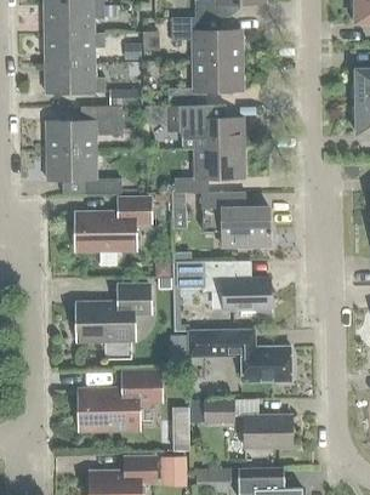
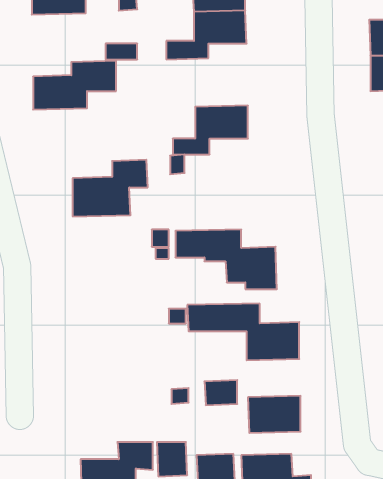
building: [45,62,106,92] -> none
building: [169,103,244,148] -> none
building: [46,149,121,194] -> none
building: [203,192,269,246] -> none
building: [84,285,150,338] -> none
building: [85,371,160,428] -> none

